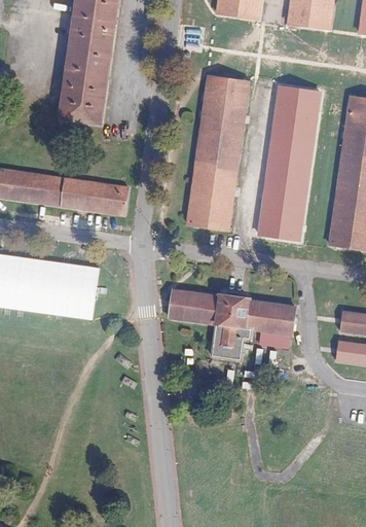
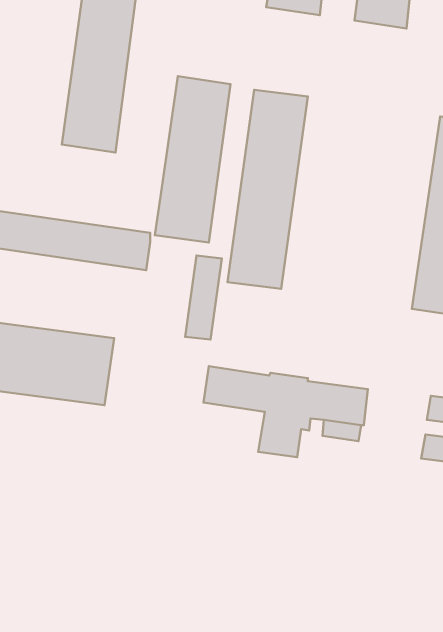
building: none -> [155,76,230,242]
building: [258,85,320,240] -> none
building: none -> [185,256,222,340]

